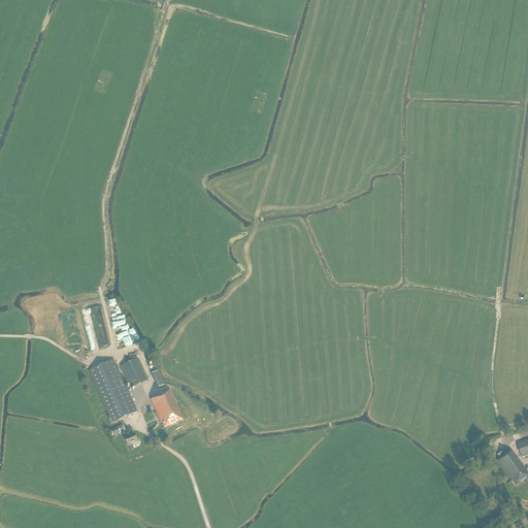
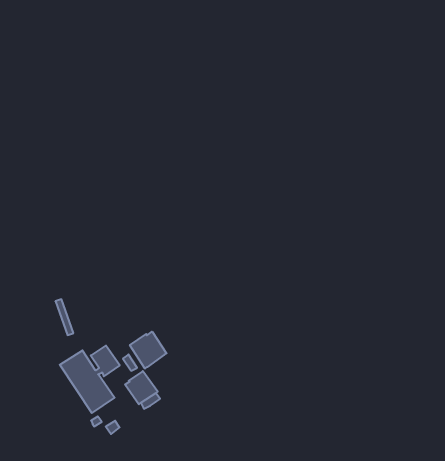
building: none -> [130,332,167,369]

